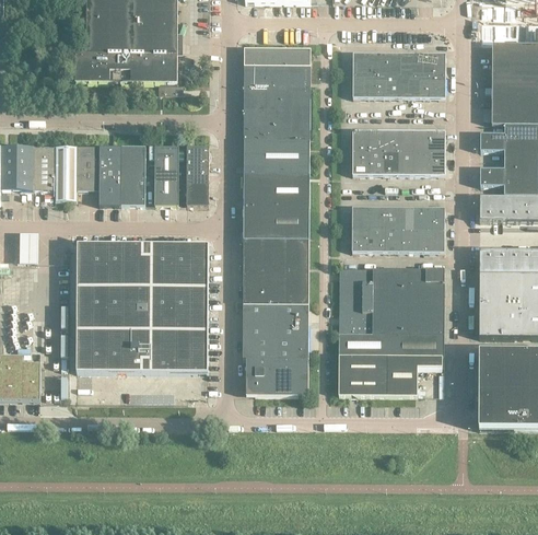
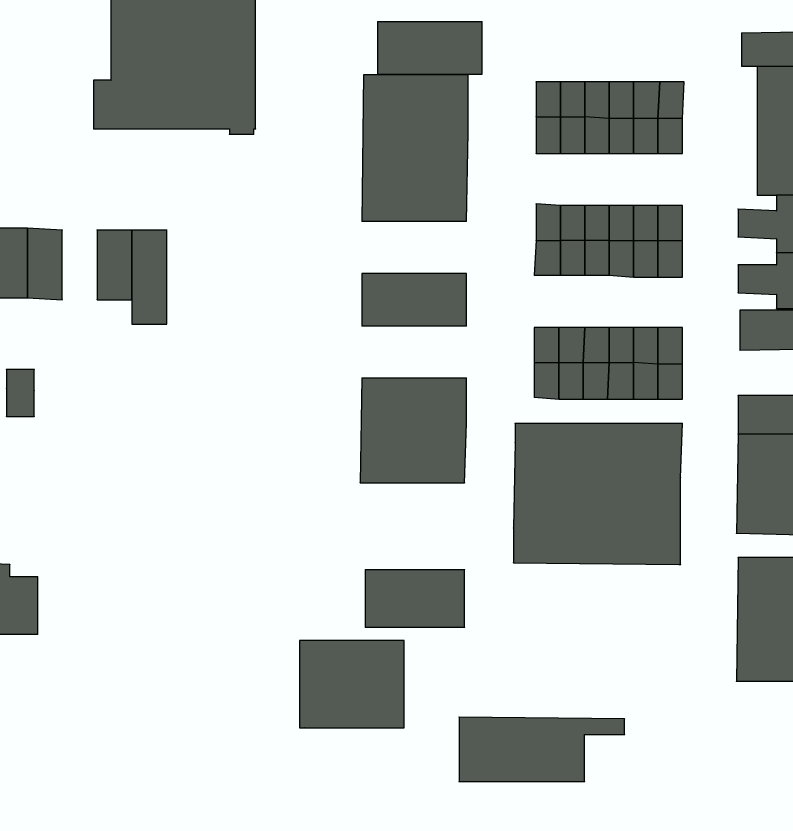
building: [244,140,309,173] -> [378,22,482,74]
building: [56,146,78,200] -> none
building: [121,146,145,205] -> none
building: [154,146,179,205] -> none
building: [187,146,209,206] -> none
building: [244,206,309,239] -> none
building: [77,243,209,372] -> none
building: [243,304,308,359] -> [300,641,404,728]
building: [339,354,443,395] -> [459,717,625,782]

